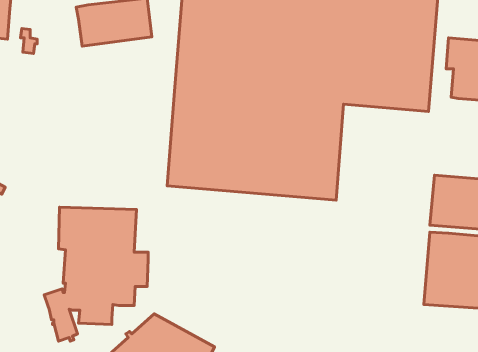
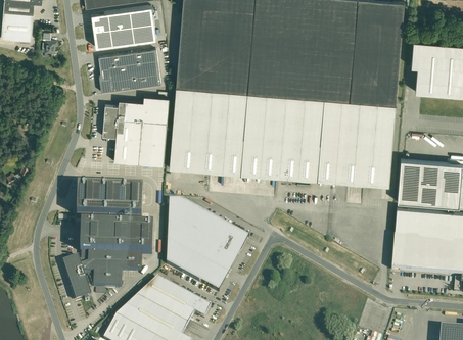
building: none -> [99,46,161,89]
building: none -> [102,93,169,163]
building: none -> [316,95,396,184]
building: none -> [167,197,249,290]

